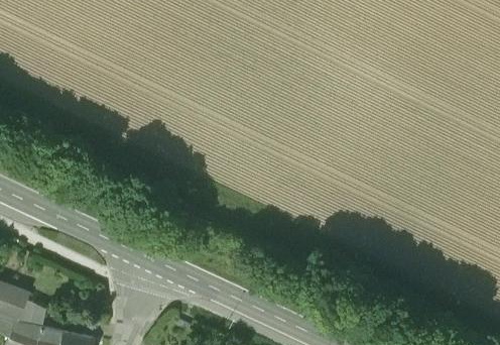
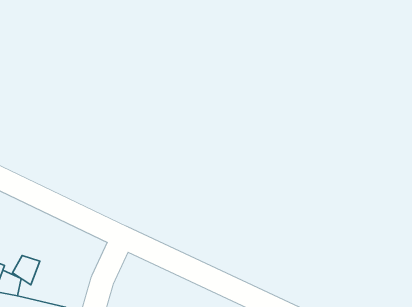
building: none -> [12,256,40,285]

